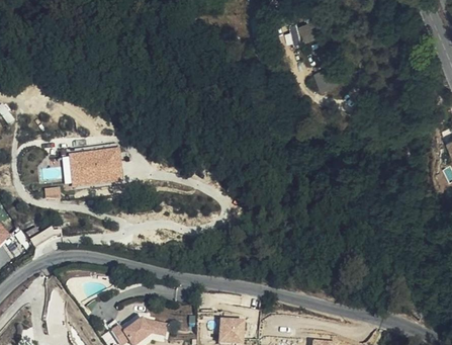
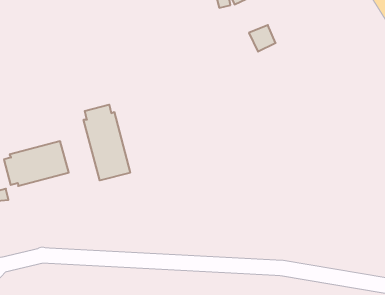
building: none -> [84,105,130,180]

